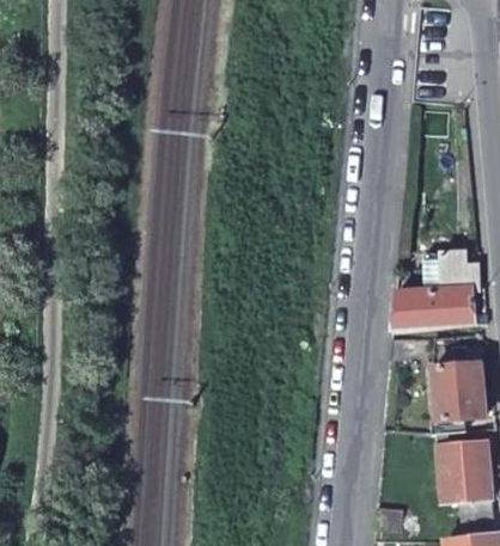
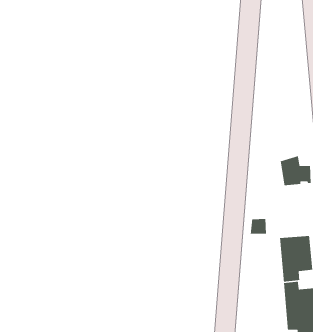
building: [390,286,472,333] -> none

